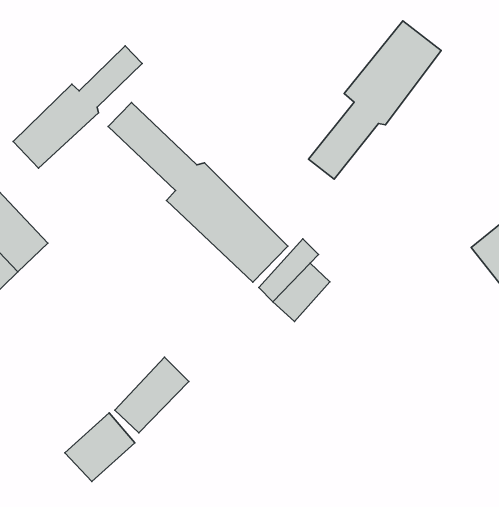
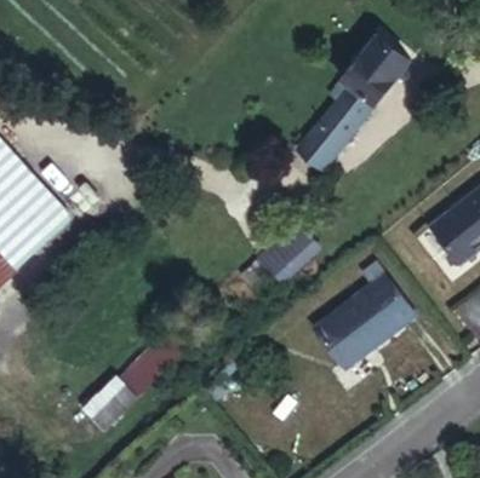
building: [13,46,142,168] -> none
building: [108,102,288,282] -> none
building: none -> [318,273,419,369]

